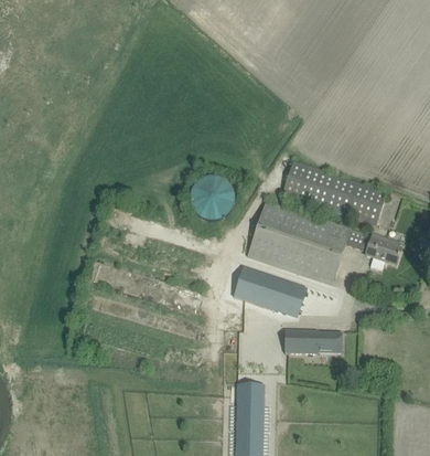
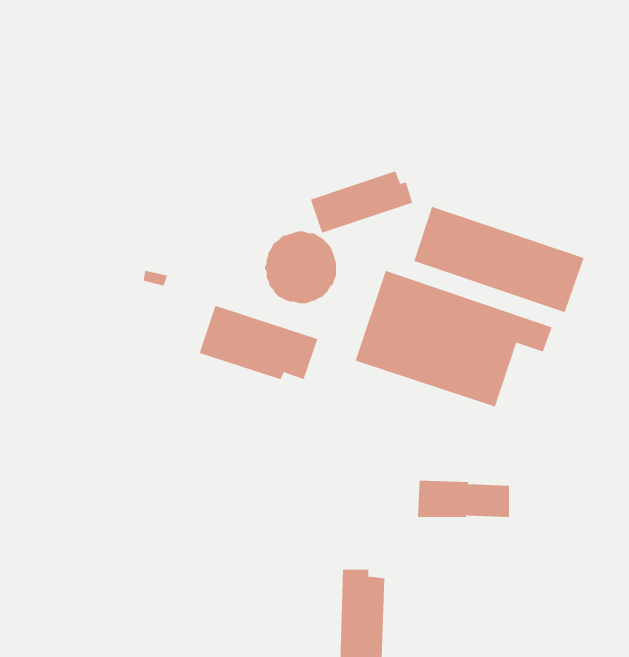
building: none -> [310,171,413,233]
building: [366,232,402,264] -> none
building: [234,266,308,312] -> [199,305,318,380]

